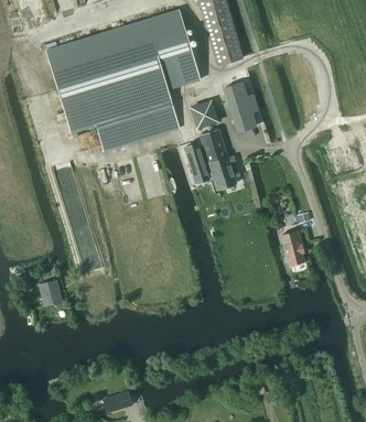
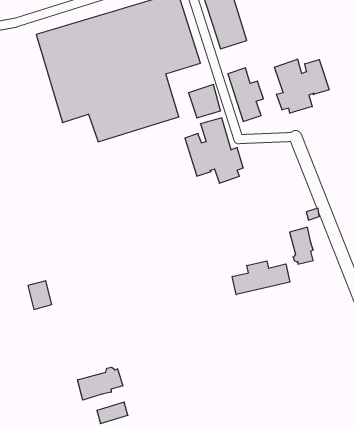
building: none -> [275,59,329,113]
building: none -> [232,261,290,295]
building: none -> [78,367,123,400]

